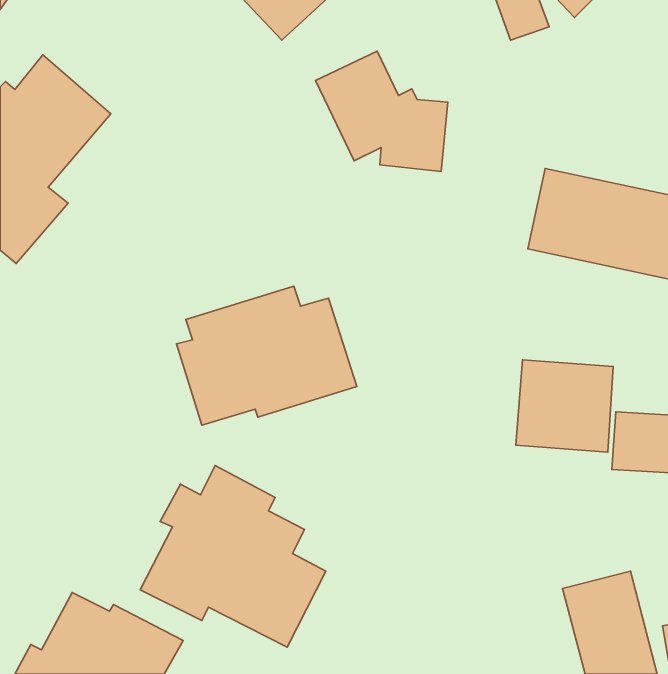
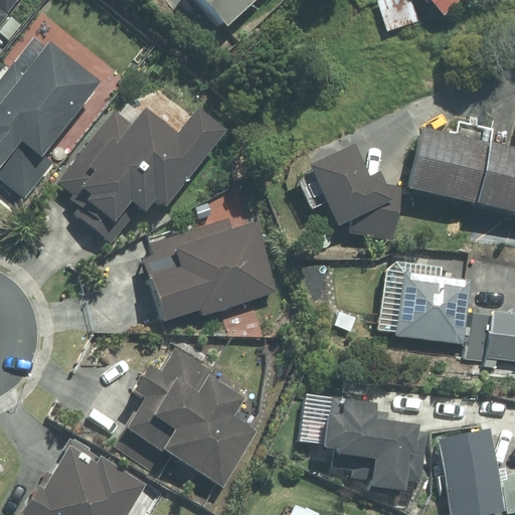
building: [316,51,448,172] -> [305,145,404,235]
building: none -> [58,108,224,245]
building: none -> [324,397,415,491]

